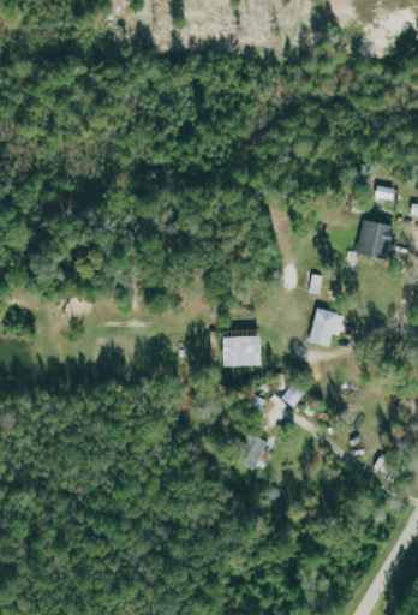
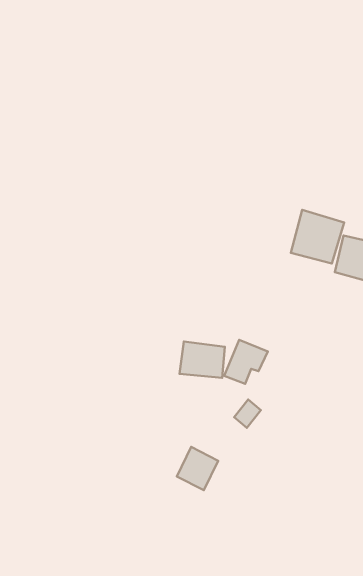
building: none -> [291,210,344,264]
building: [307,308,345,347] -> [224,340,268,384]

